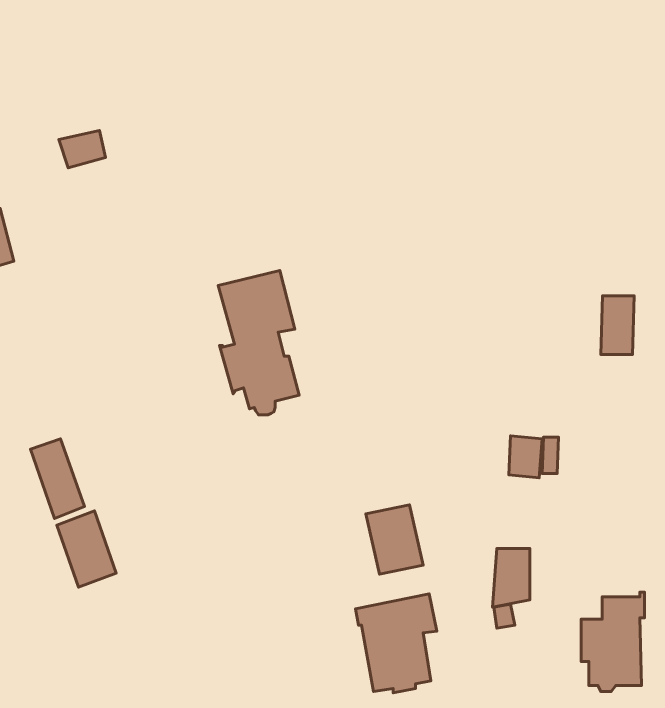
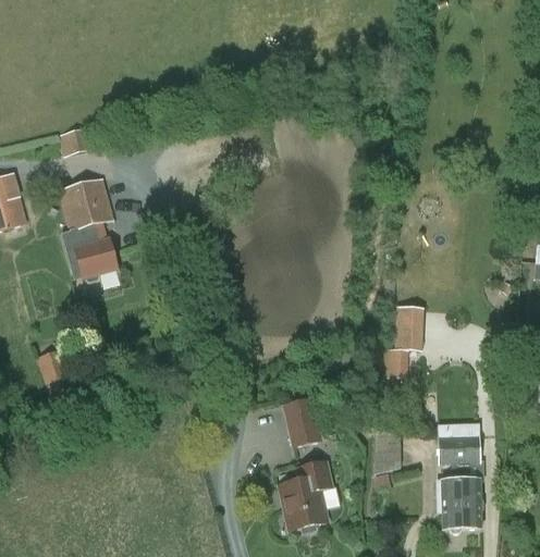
building: [218,270,299,415] -> [59,176,118,281]
building: [601,296,634,354] -> [400,304,424,346]
building: [57,511,116,587] -> none
building: none -> [439,434,480,463]

